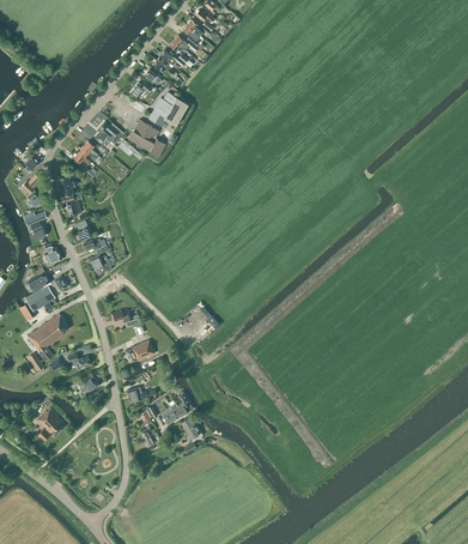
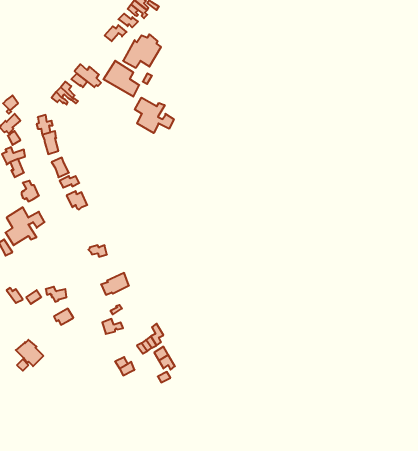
building: none -> [135,98,174,133]
building: [26,314,68,361] -> none

